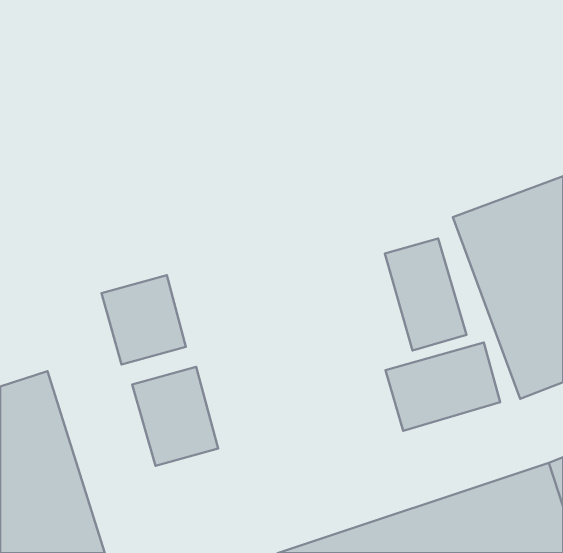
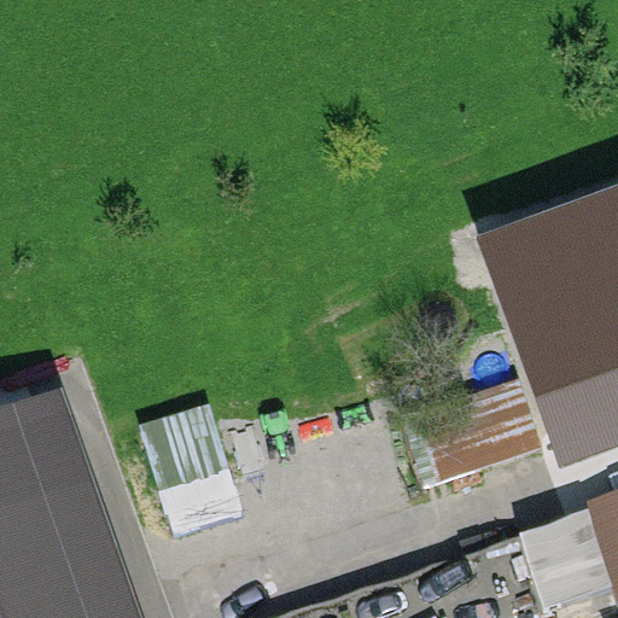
building: [385,239,466,350] -> none
building: [101,275,186,364] -> none

